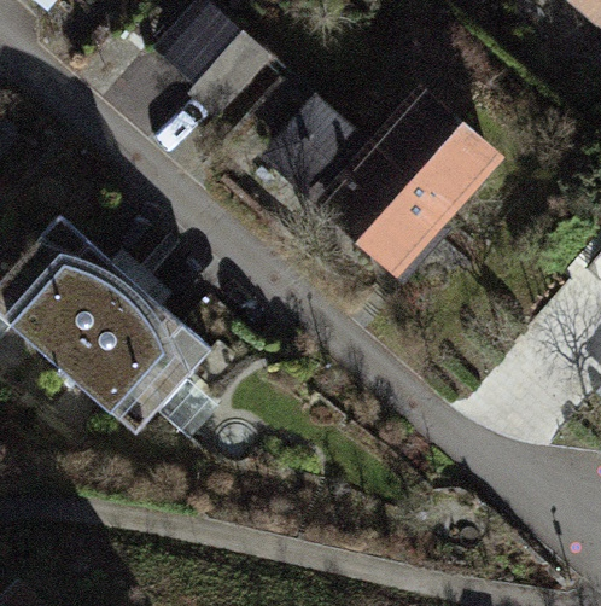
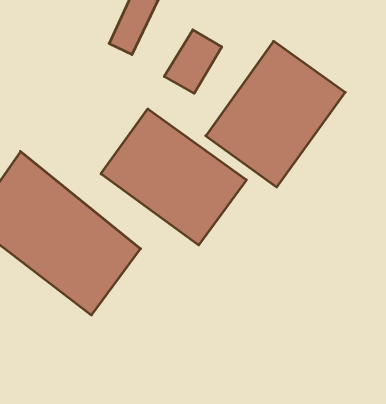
building: none -> [101,109,246,245]

